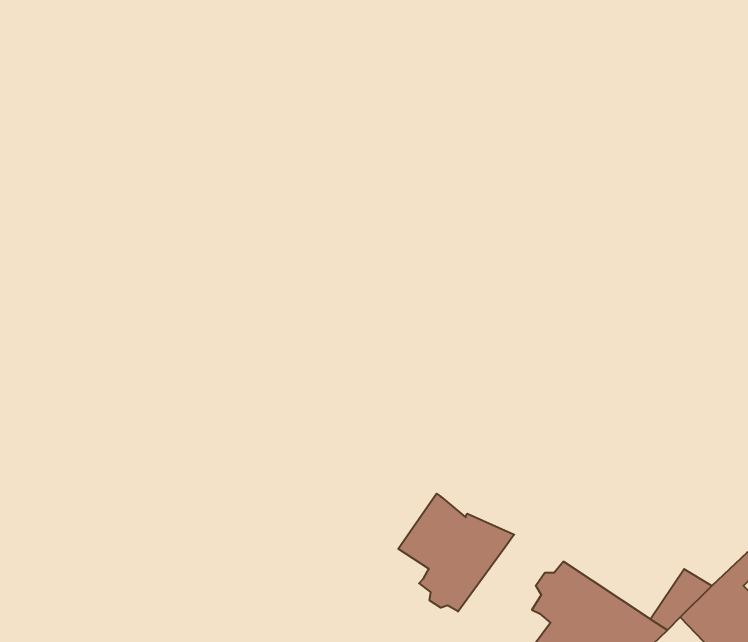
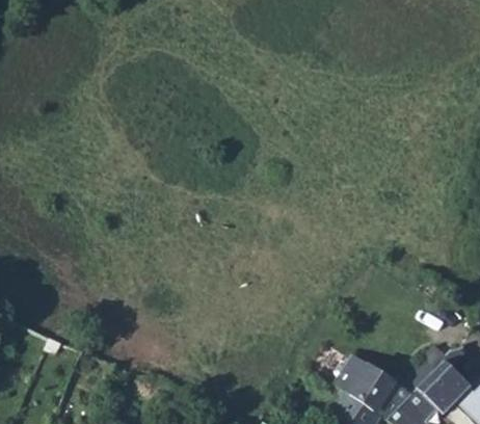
building: [398,494,514,612] -> none

